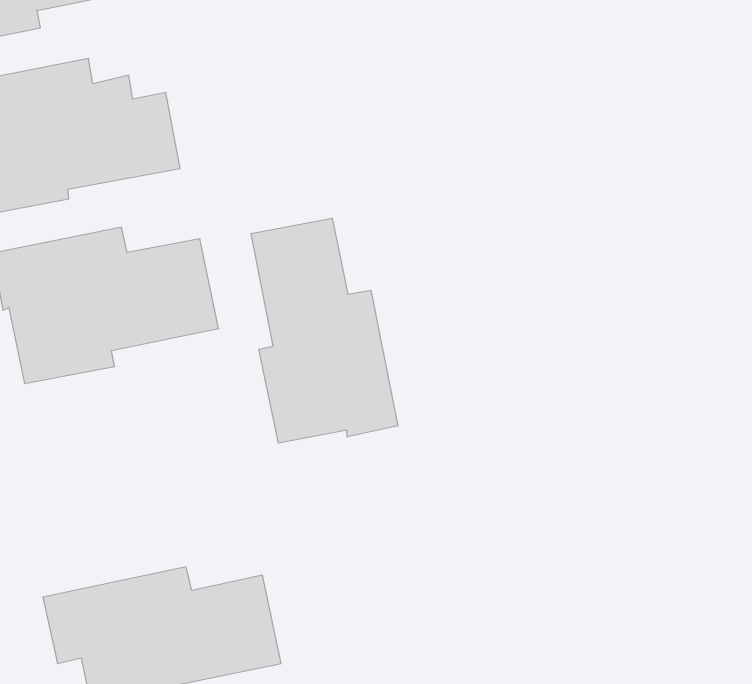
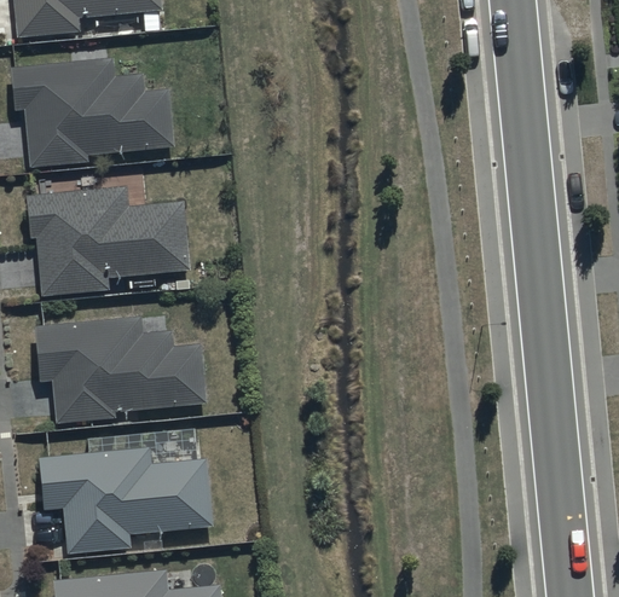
building: [251,218,398,443] -> none
building: none -> [35,318,207,423]

